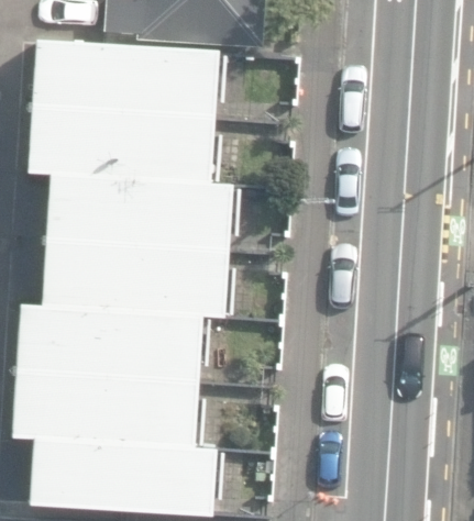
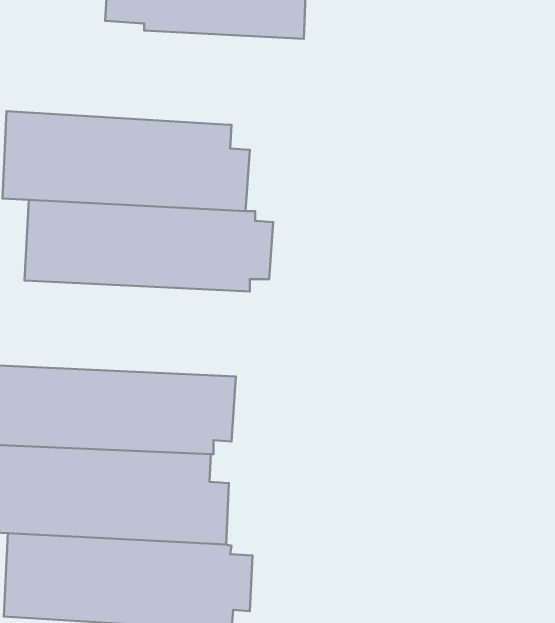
building: [30,43,229,114] -> none
building: [41,237,235,314] -> none

